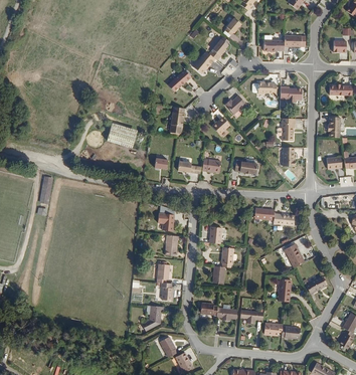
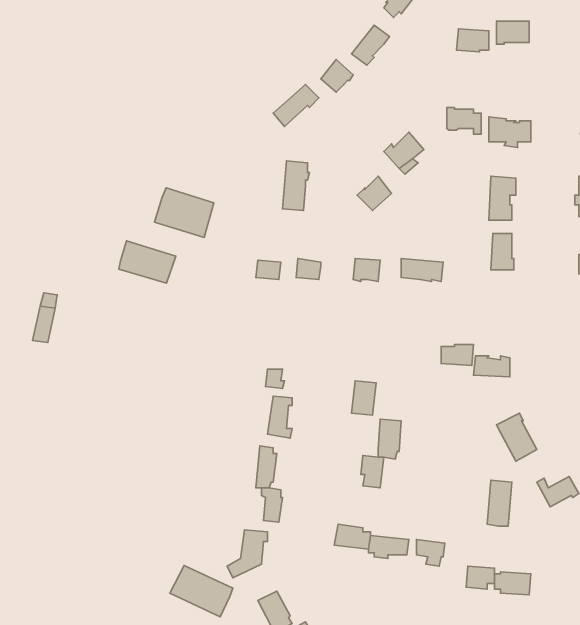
building: none -> [119,241,176,283]
building: none -> [170,565,233,617]

